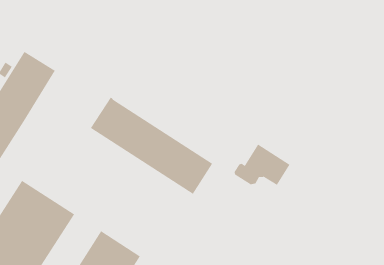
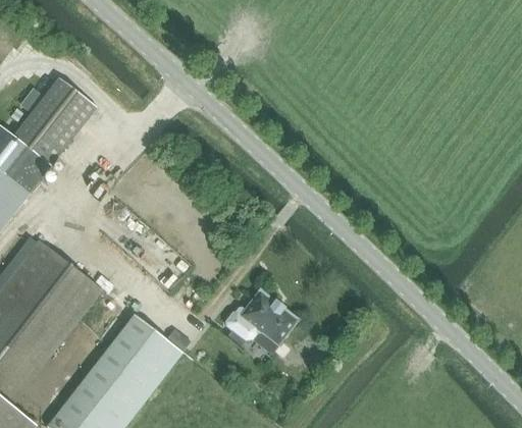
building: [90,97,213,195] -> none
building: [234,144,290,186] -> [225,287,298,343]

